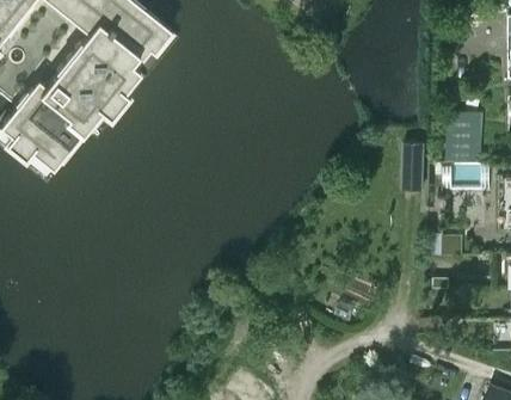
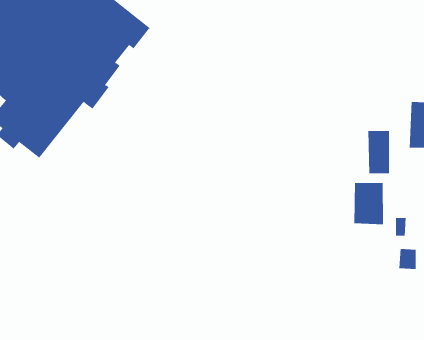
building: none -> [354,182,384,225]

